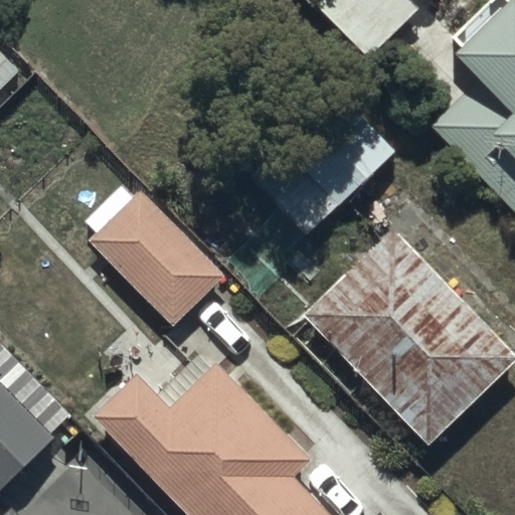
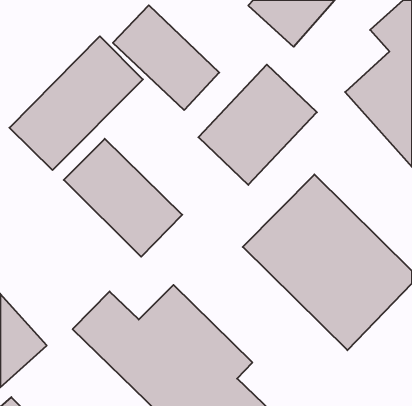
building: none -> [113,5,219,110]
building: none -> [9,36,143,170]

